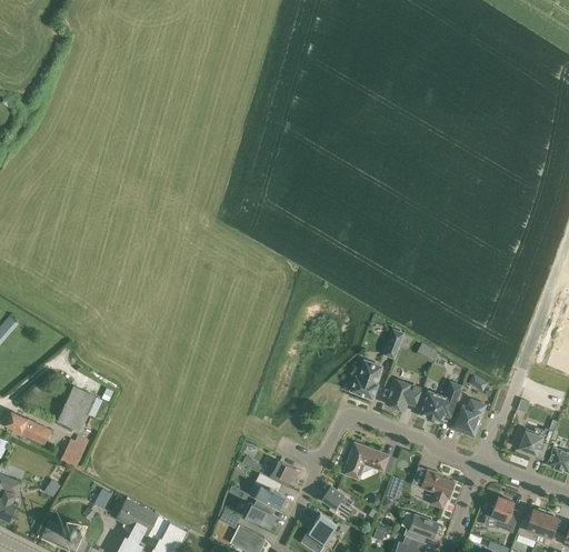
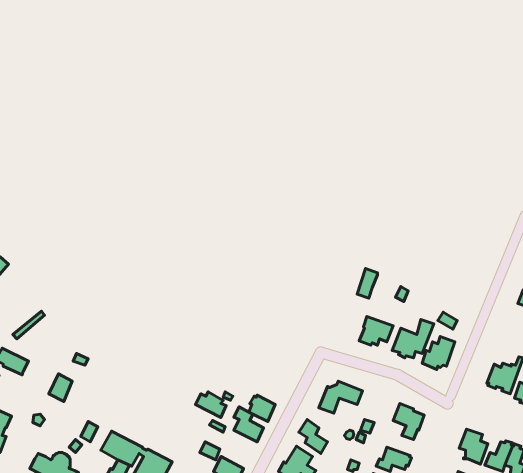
building: [350,360,381,398] -> none
building: [57,385,96,430] -> none
building: [242,500,274,526] -> [195,392,226,417]

